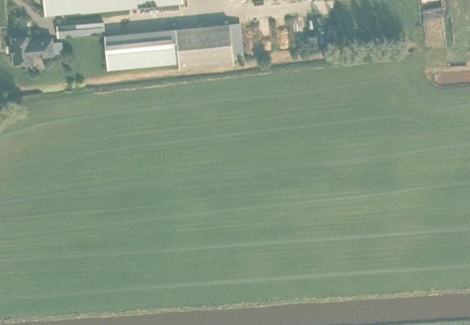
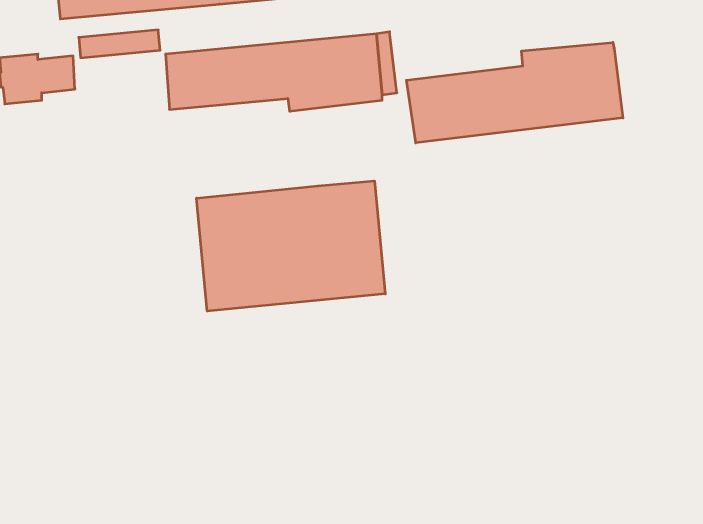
building: none -> [406,42,623,143]
building: none -> [197,181,385,311]

